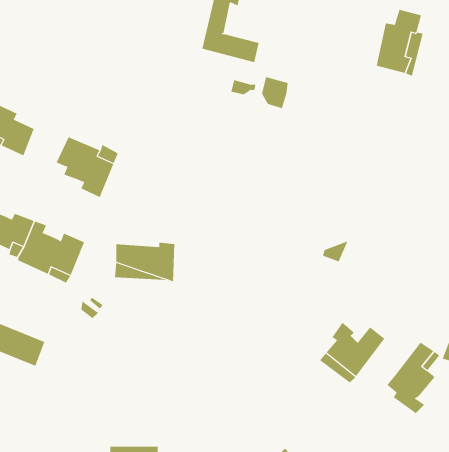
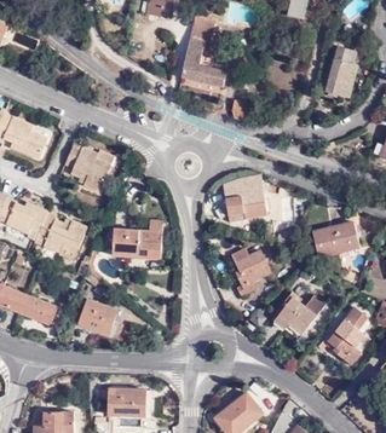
building: none -> [223,177,266,219]
building: none -> [312,221,361,255]
building: none -> [232,247,271,295]
building: none -> [77,301,117,336]

